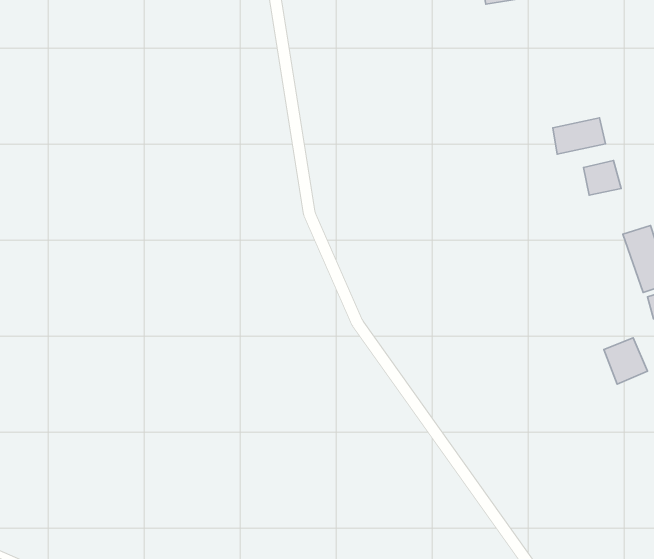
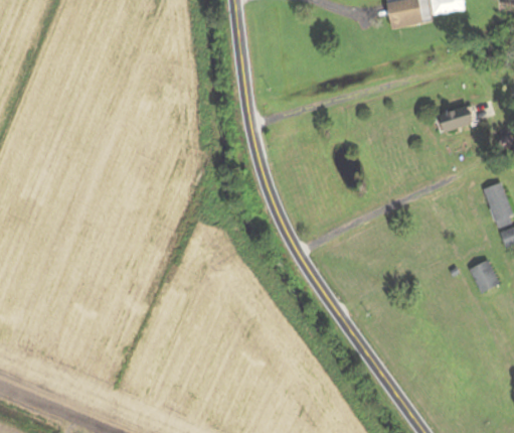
building: [583,160,621,195] -> none

